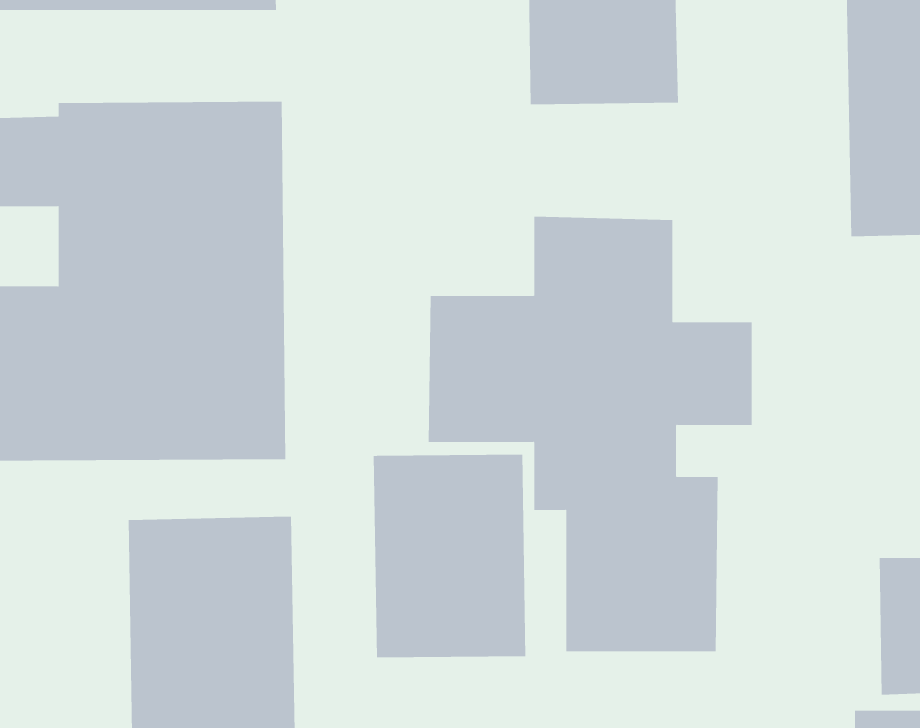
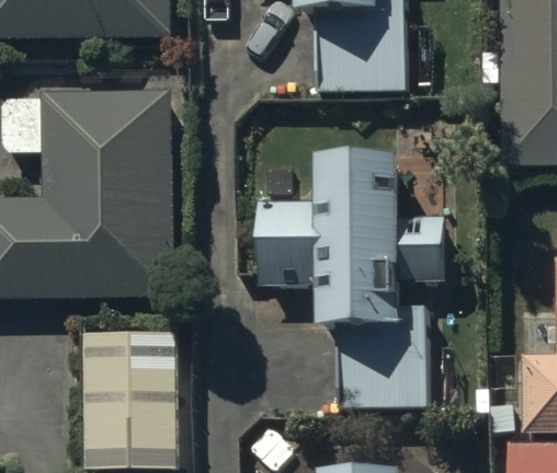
building: [373,454,526,658] -> none

